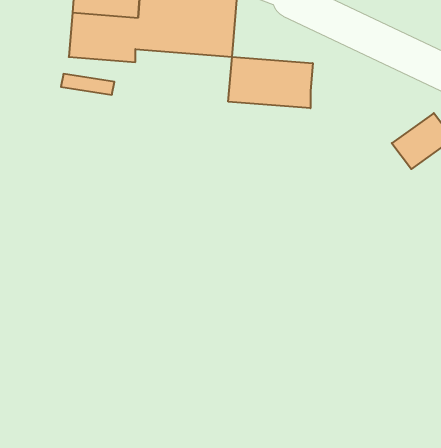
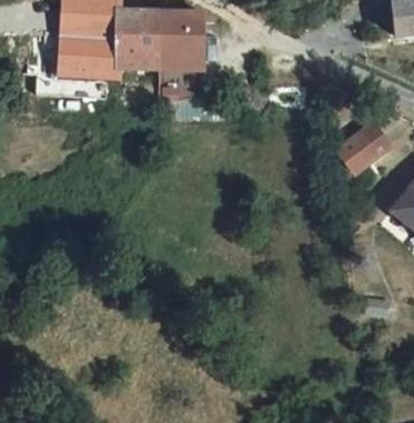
building: [228,57,313,108] -> none

